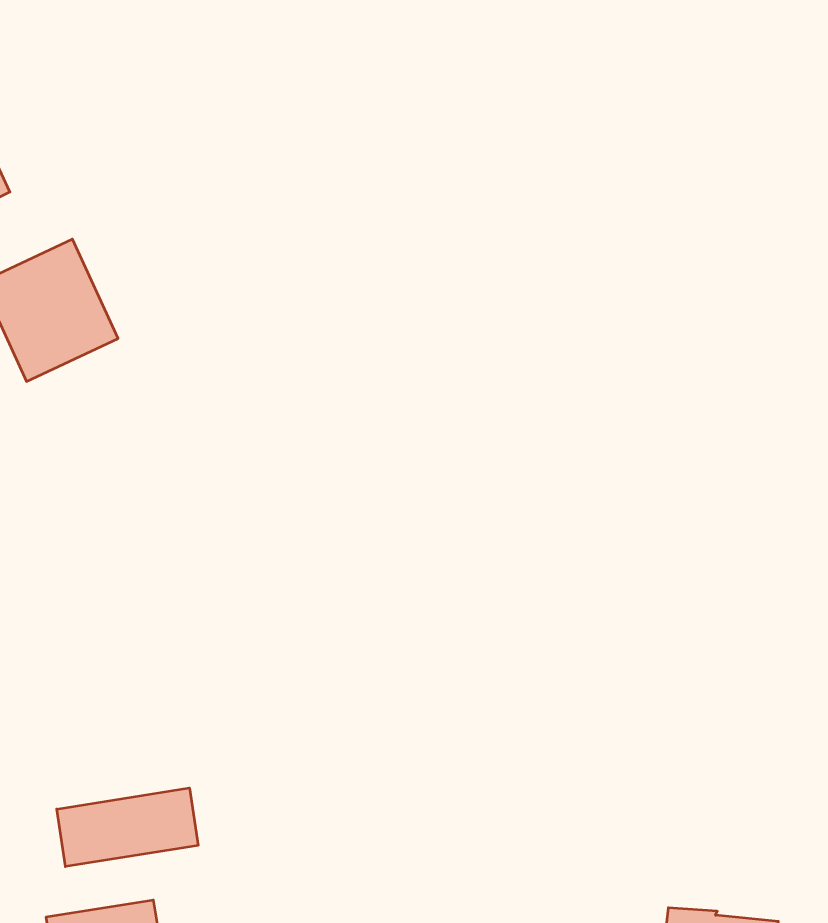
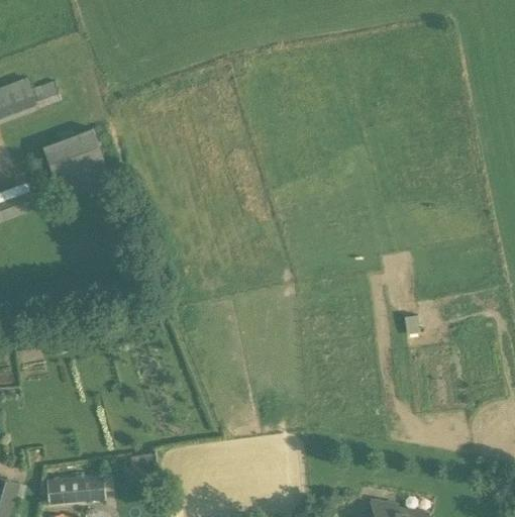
building: [57,788,198,867] -> none

